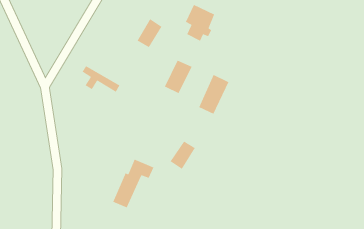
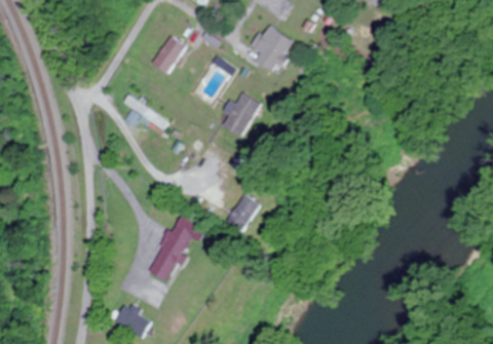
building: [136,18,163,48] -> [151,36,185,74]
building: [198,74,230,115] -> none

